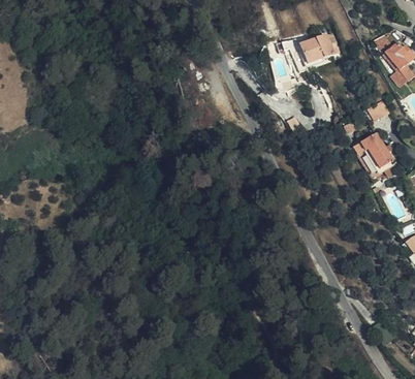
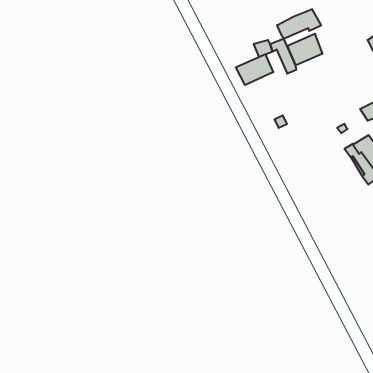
building: none -> [277,9,321,39]
building: none -> [236,54,273,85]

